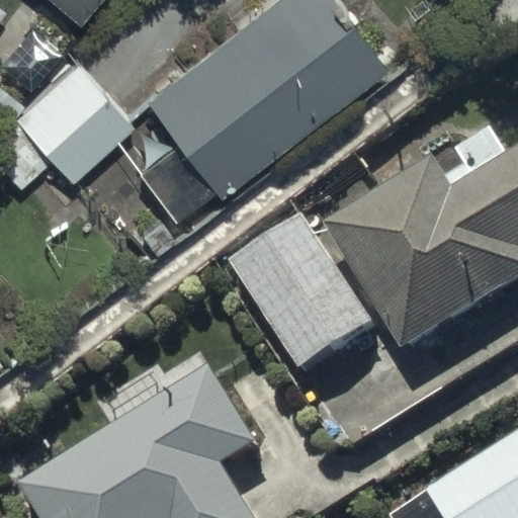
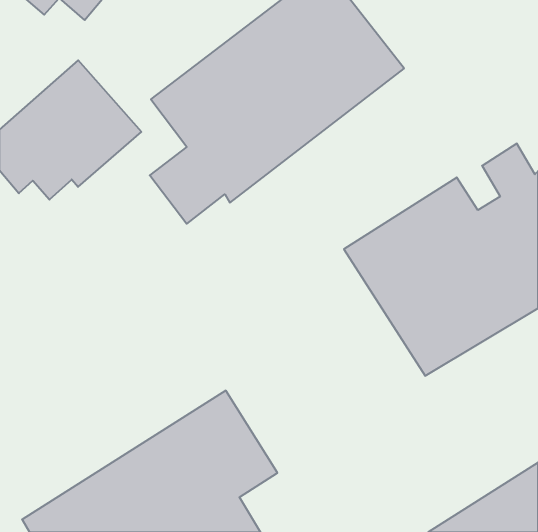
building: [230,221,382,385] -> none

